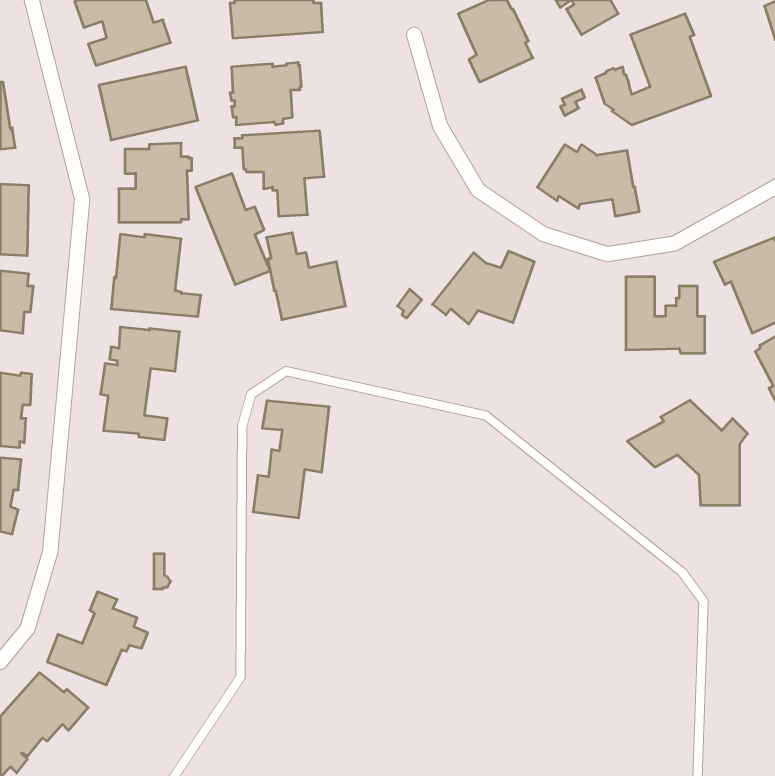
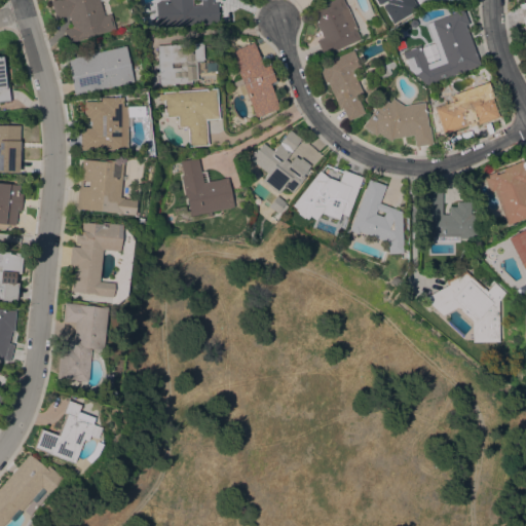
building: none -> [320,50,366,121]
building: none -> [434,83,501,137]
building: [196,174,270,285] -> [231,43,281,118]
building: none -> [250,130,312,195]
building: none -> [351,180,405,255]
building: [253,401,329,518] -> [57,303,108,382]

